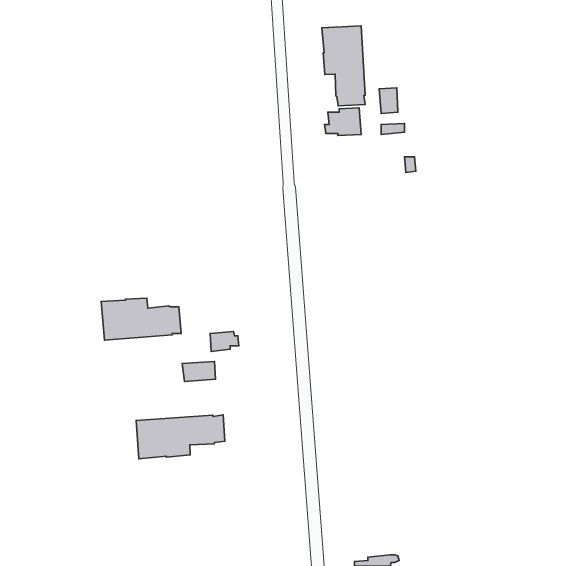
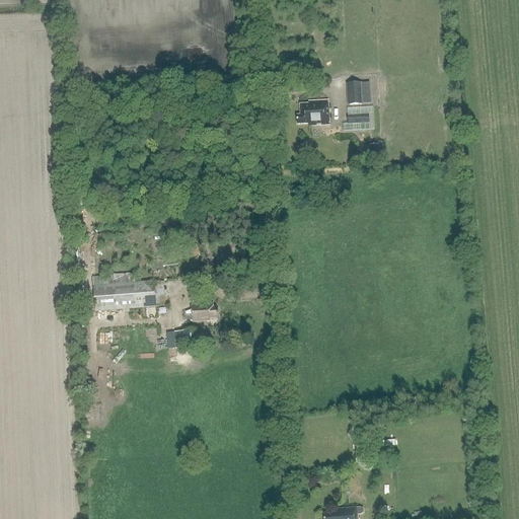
building: [322,26,365,106] -> none
building: [136,415,225,459] -> none

